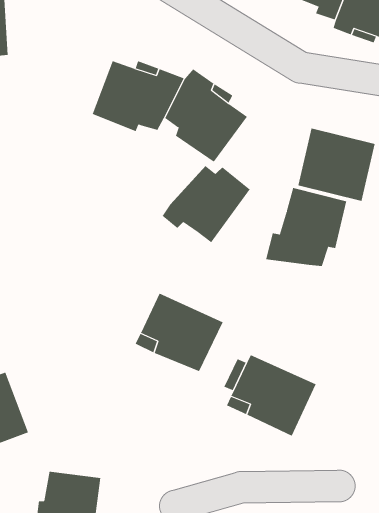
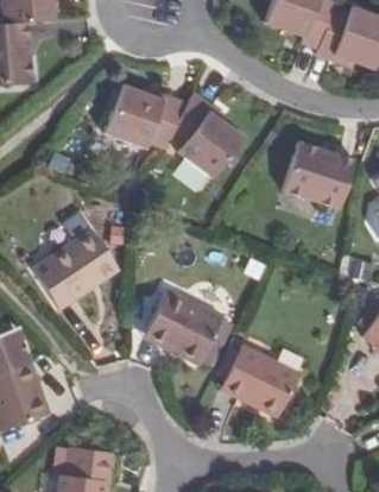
building: [162,165,251,243] -> none
building: [265,187,347,267] -> none
building: none -> [32,228,116,308]

